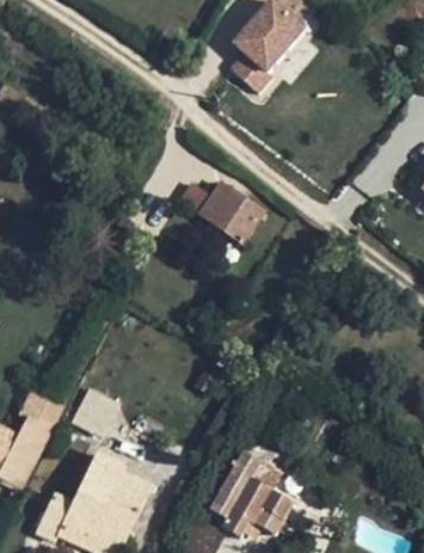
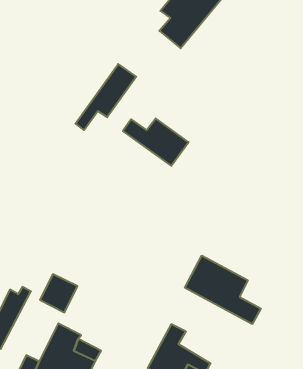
building: none -> [75,64,136,130]
building: none -> [185,256,261,324]

